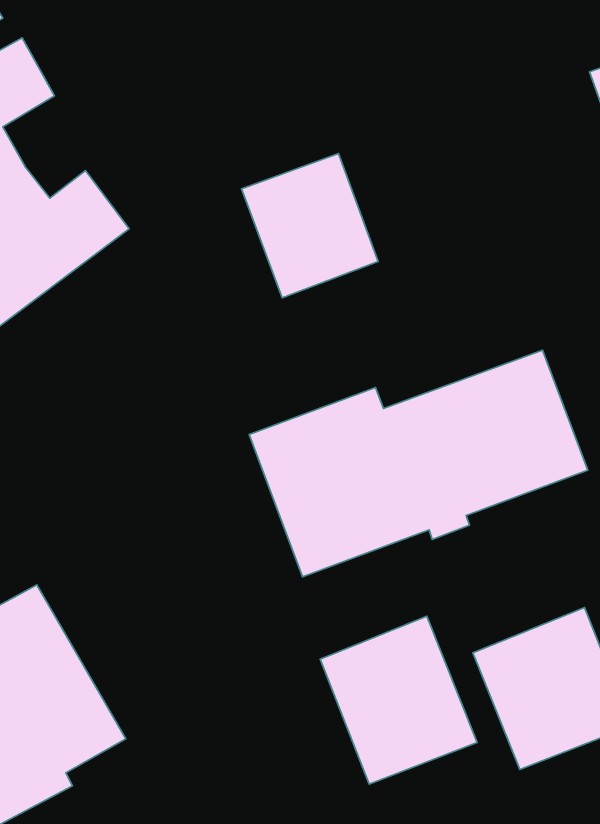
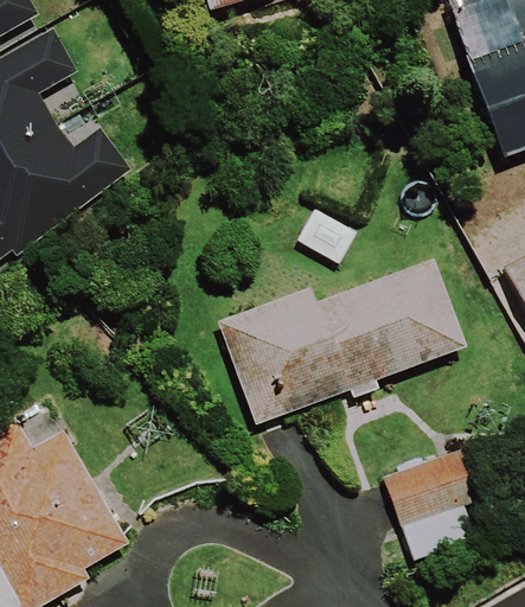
building: [241,153,378,298] -> none
building: [320,616,477,784] -> none

